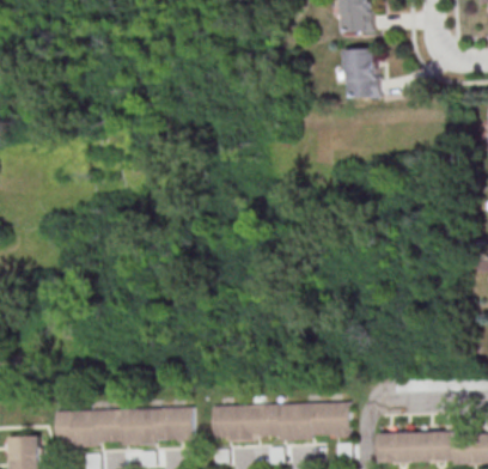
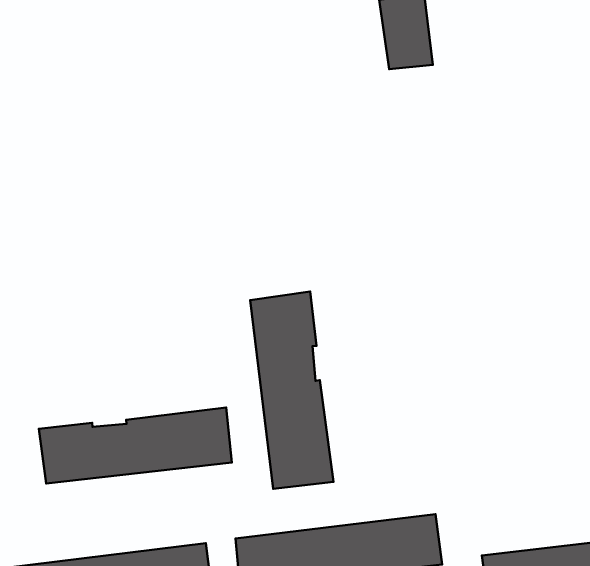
building: none -> [250,292,333,489]
building: none -> [39,407,232,483]

